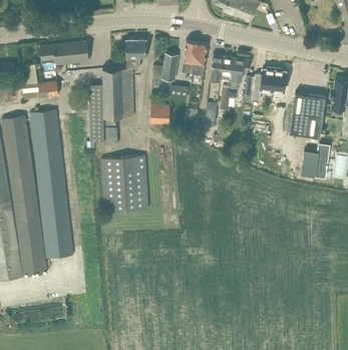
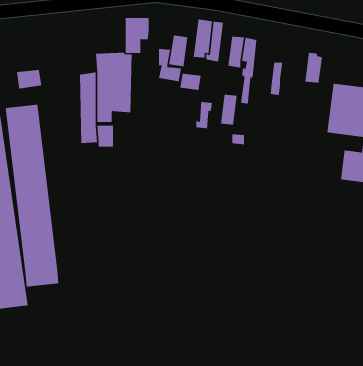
building: [40,40,89,63] -> none
building: [231,57,249,88] -> none
building: [253,66,275,98] -> none
building: [150,103,169,124] -> none
building: [100,155,148,212] -> none

